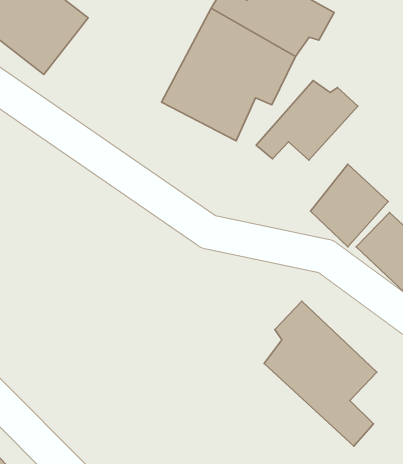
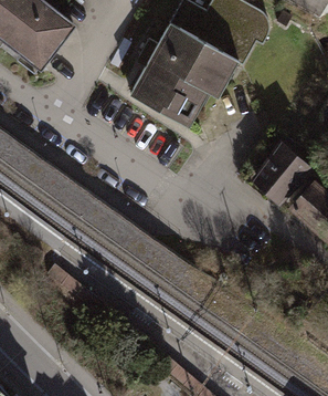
building: [256,81,358,160] -> none
building: [264,301,377,446] -> none

